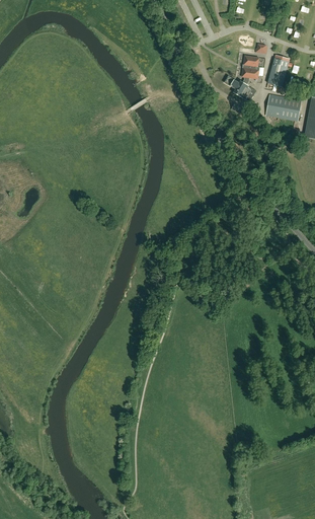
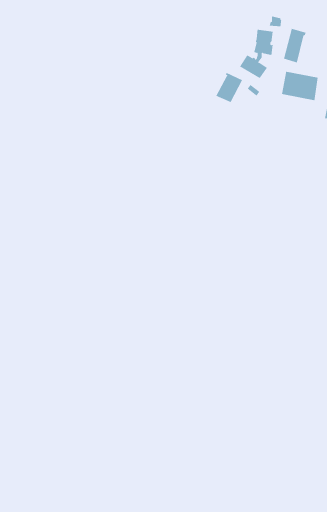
building: none -> [215,72,243,103]

